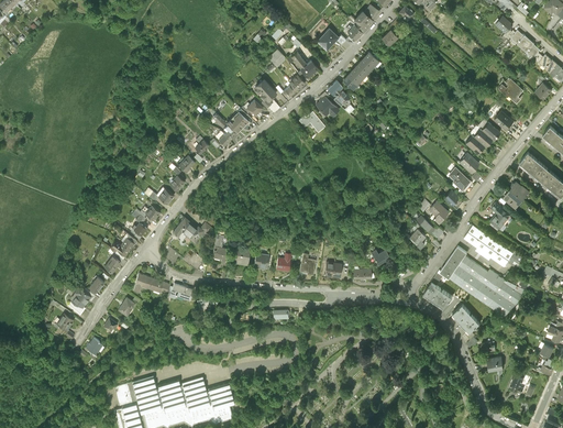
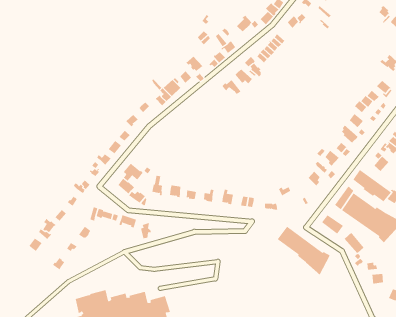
building: none -> [277,226,330,276]

